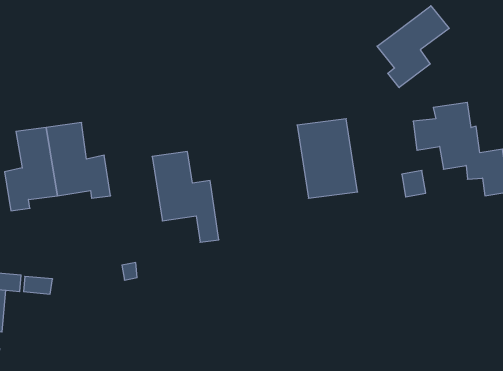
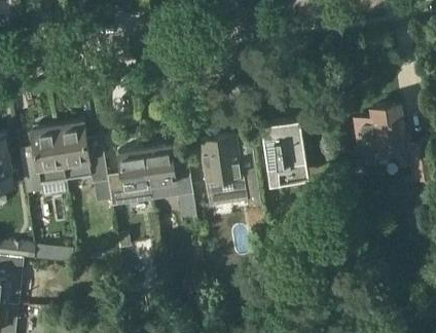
building: [377,6,449,88] -> none
building: none -> [199,136,260,208]
building: none -> [107,150,149,208]

